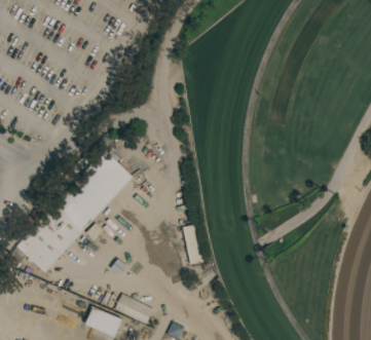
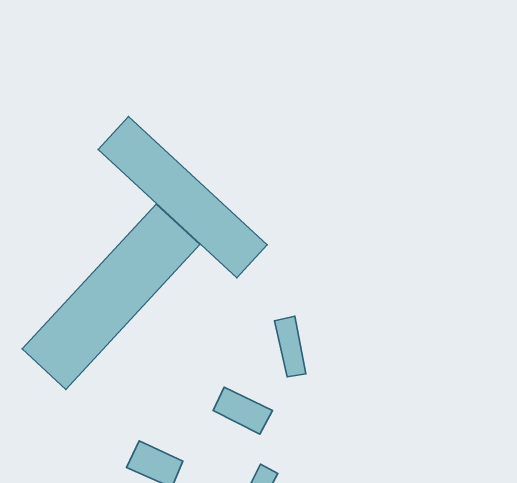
building: none -> [98,117,267,278]
building: [114,295,153,326] -> [213,387,272,434]

